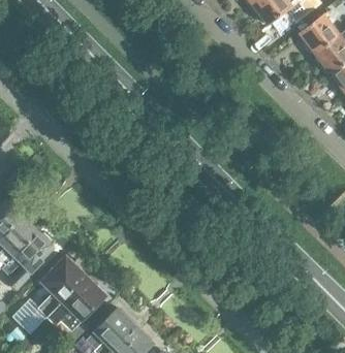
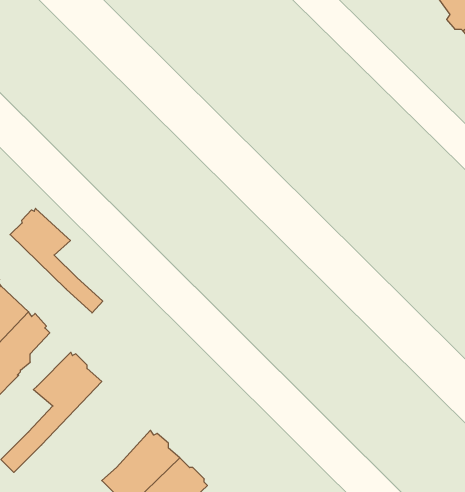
building: none -> [10,208,103,313]
building: [46,276,104,342] -> none

